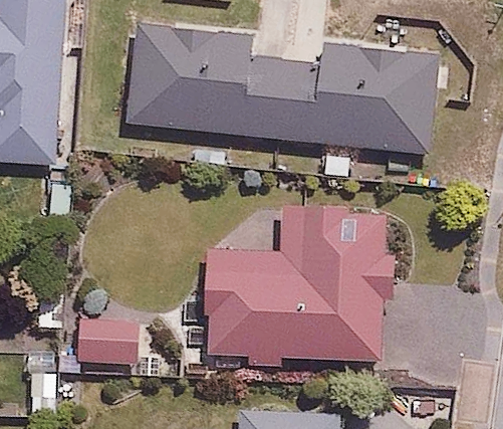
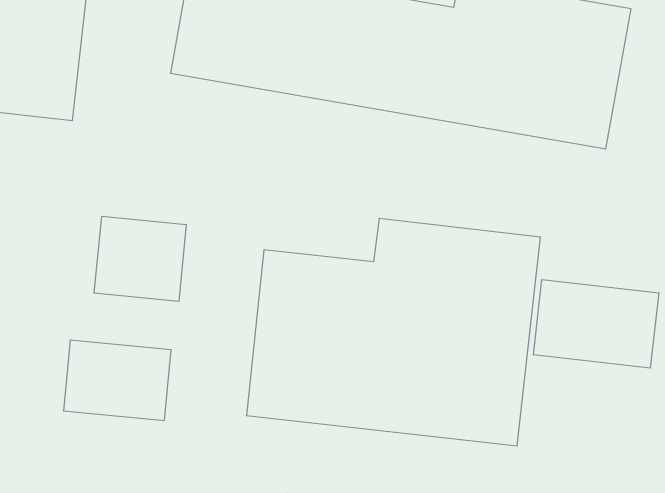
building: none -> [94,216,186,301]
building: none -> [533,280,659,368]

